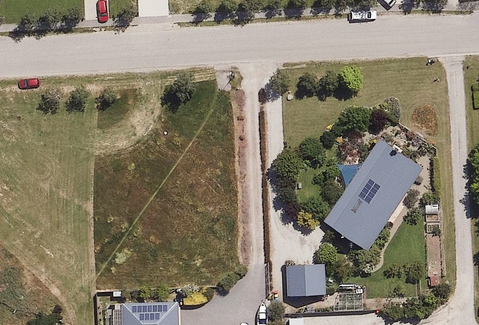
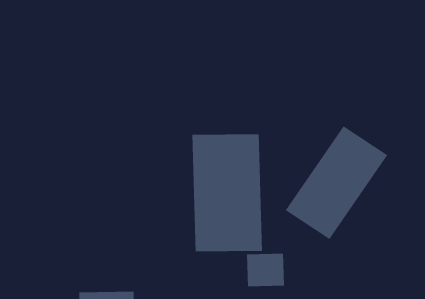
building: none -> [192,134,262,252]

